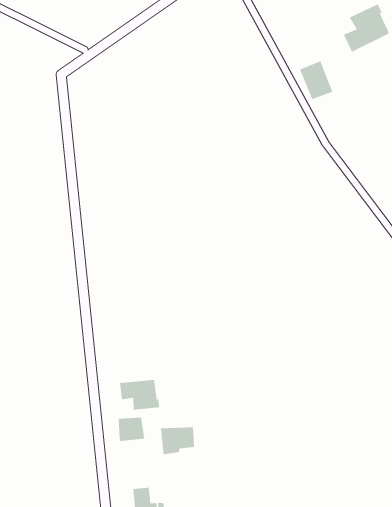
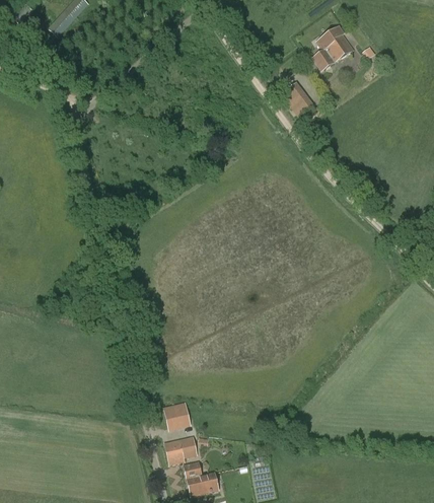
building: [120,379,160,411] -> none
building: [160,427,195,455] -> [165,437,197,464]

